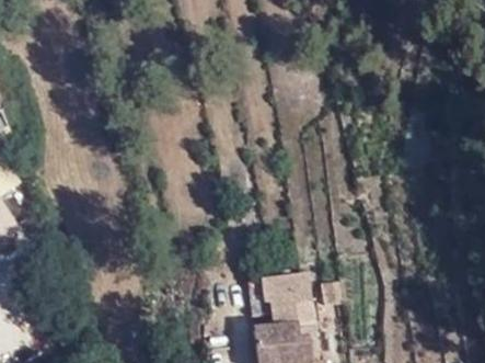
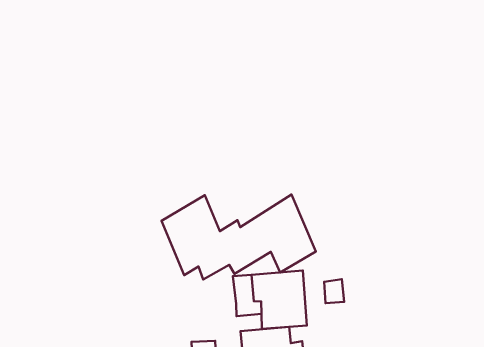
building: none -> [161,195,316,280]

